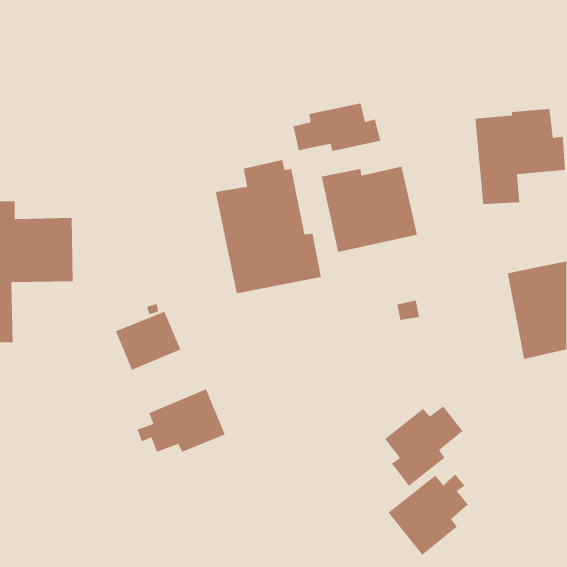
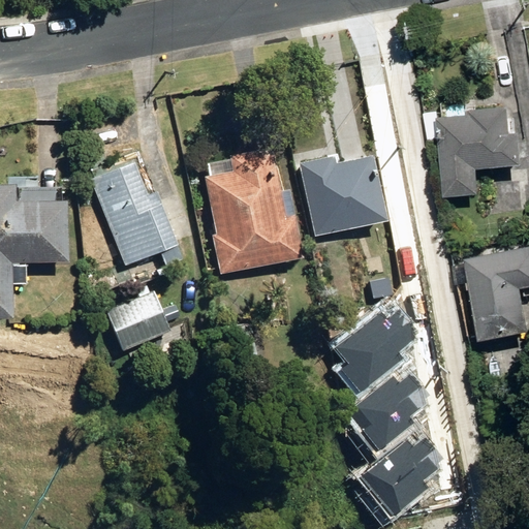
building: [292,103,381,152] -> none
building: none -> [89,156,181,261]
building: none -> [334,311,417,394]
building: [136,388,226,453] -> none

